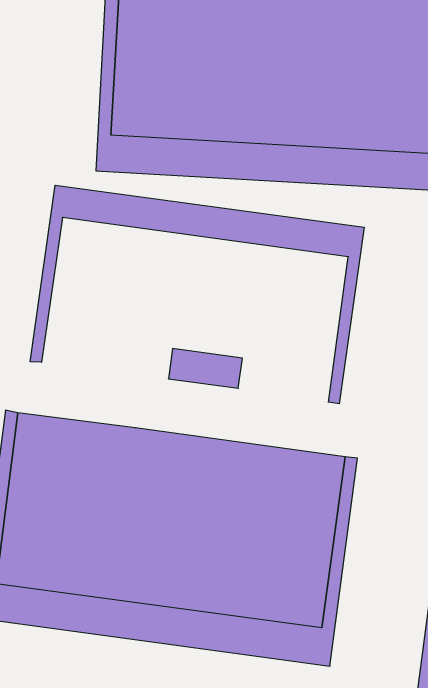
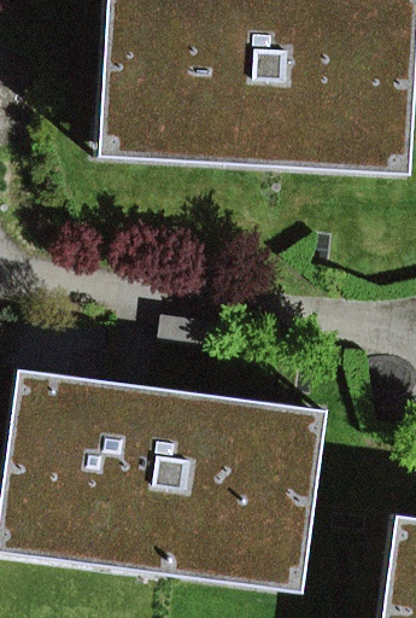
building: [30,185,364,404] -> none

